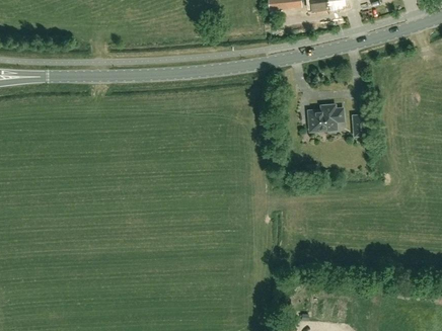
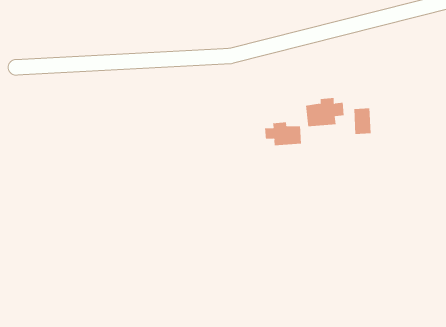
building: none -> [265,122,301,146]

